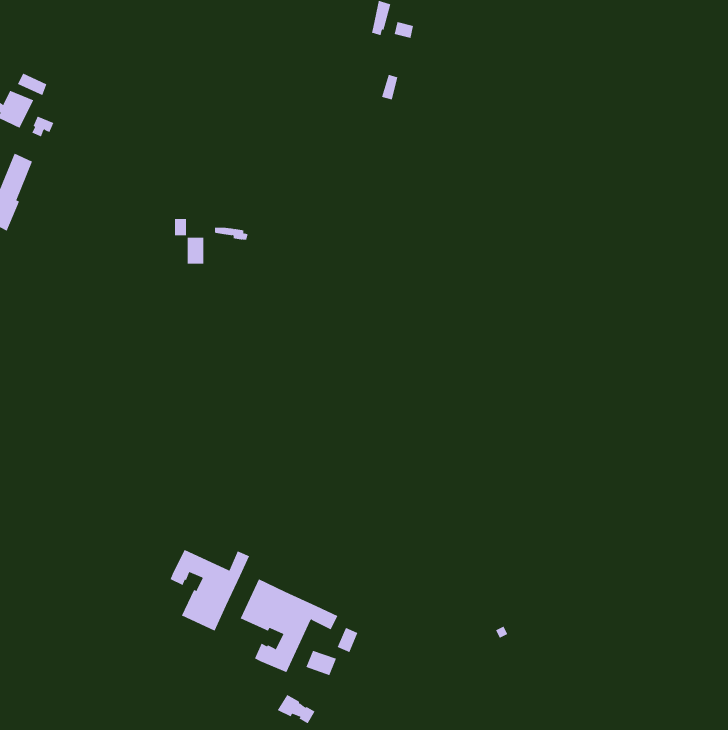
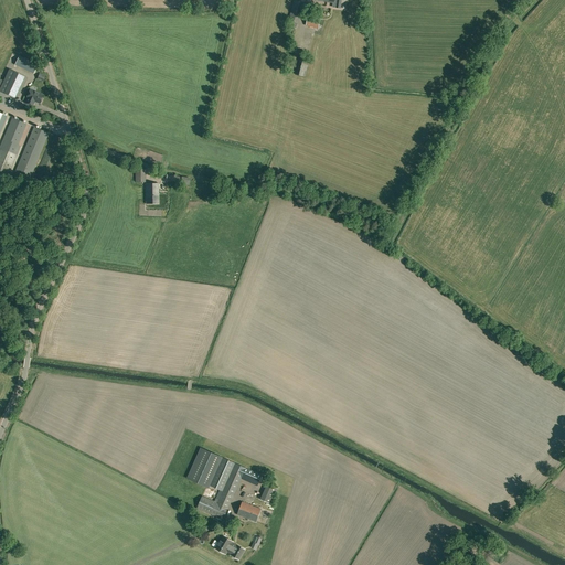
building: none -> [12,127,47,182]
building: [170,549,250,632] -> none

